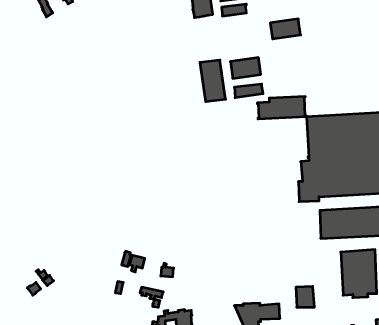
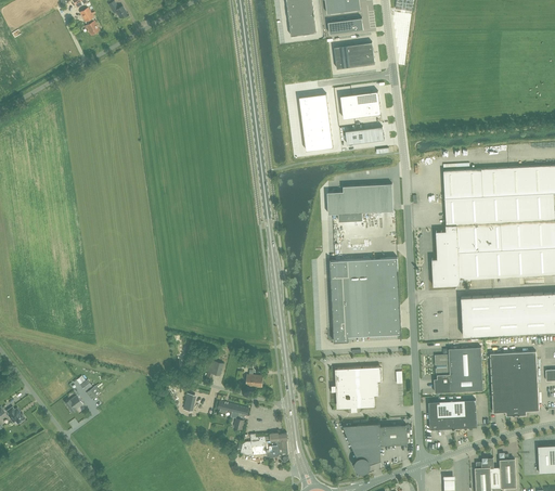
building: [270,19,301,39] -> [333,42,374,69]
building: [257,97,306,119] -> [326,184,392,215]
building: none -> [328,258,400,343]
building: none -> [434,347,482,392]
building: none -> [331,367,382,412]
building: none -> [451,400,476,429]

